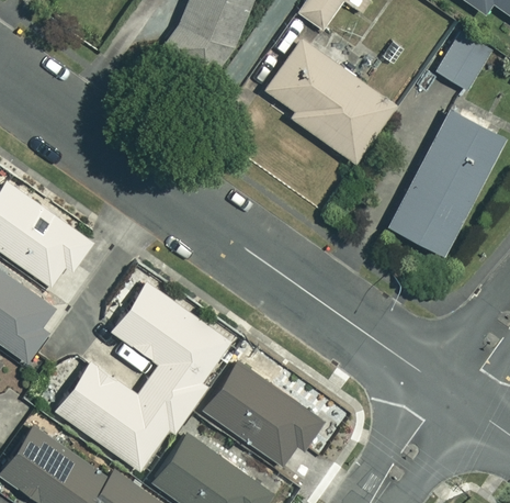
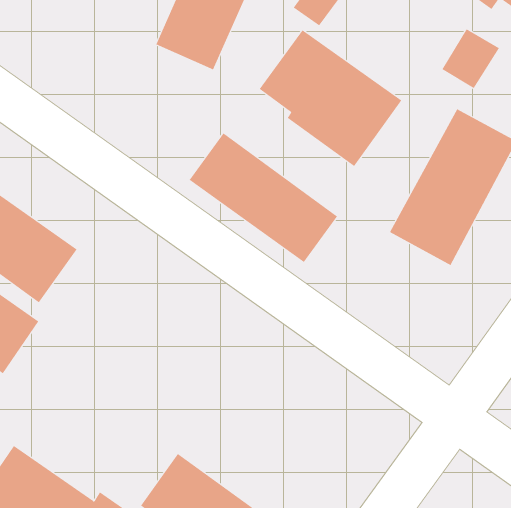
building: none -> [189,132,338,263]
building: [55,281,234,472] -> none
building: [204,364,324,465] -> none

